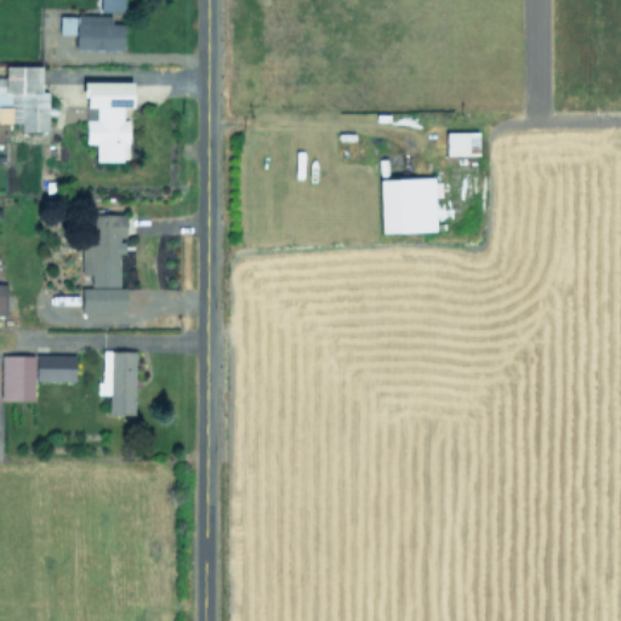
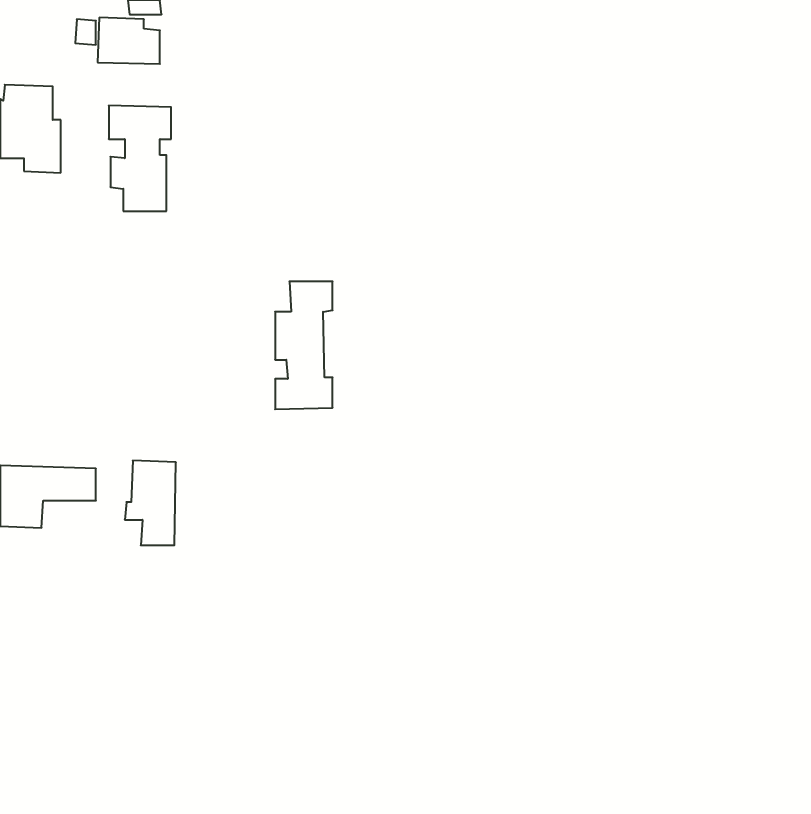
building: [449,133,482,156] -> none
building: [382,180,444,234] -> none
building: [85,216,129,313] -> [275,281,333,409]

